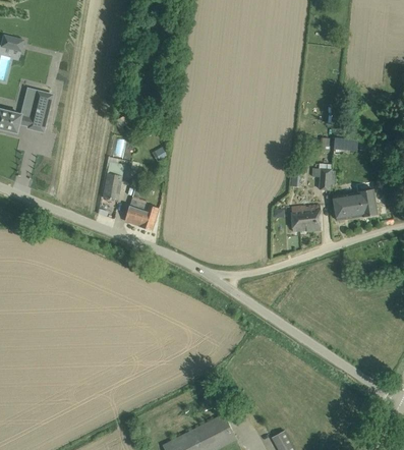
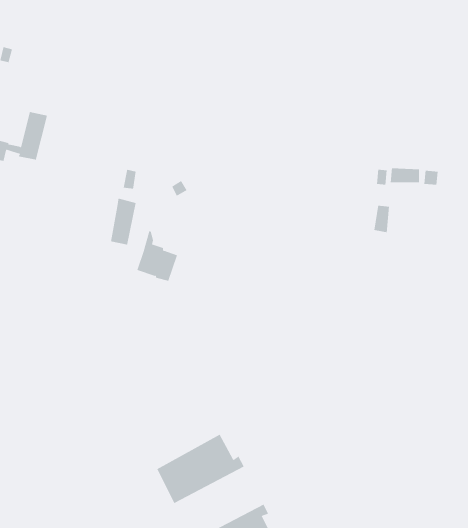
building: [332,189,377,221] -> none
building: [290,205,320,232] -> none
building: none -> [156,434,244,504]

